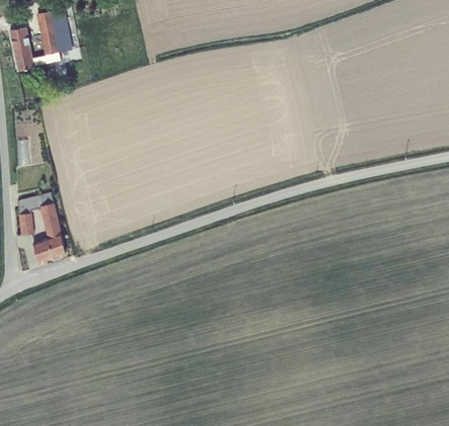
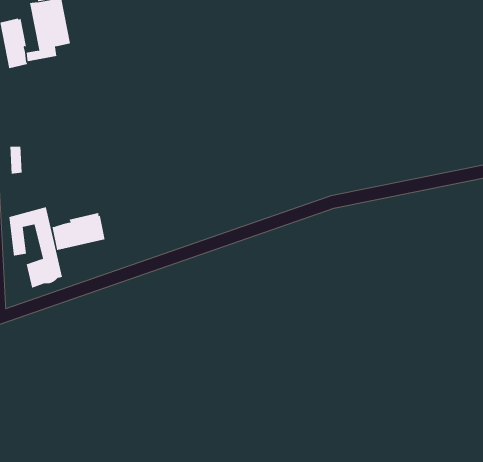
building: none -> [52,212,105,251]

